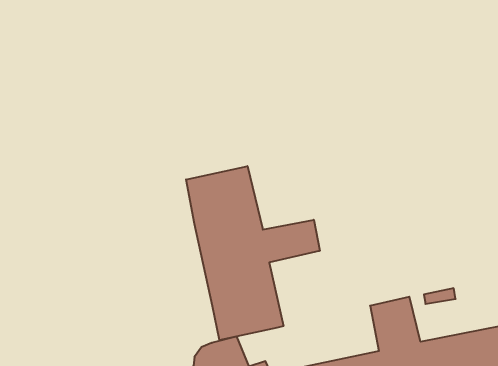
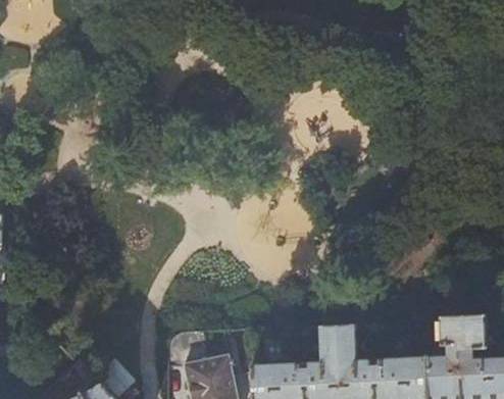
building: [186,166,320,340] -> none

